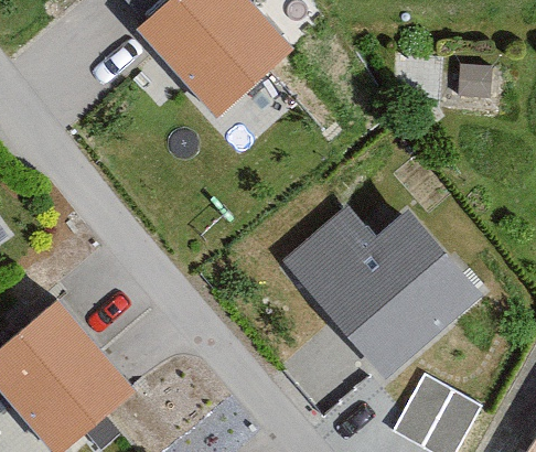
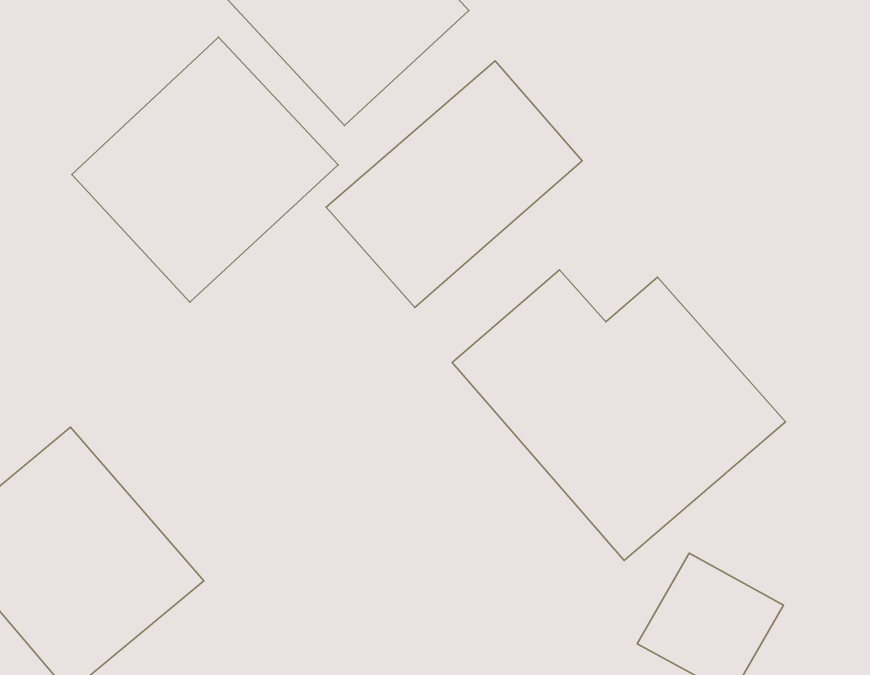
building: none -> [72,37,338,302]
building: none -> [326,61,582,307]

